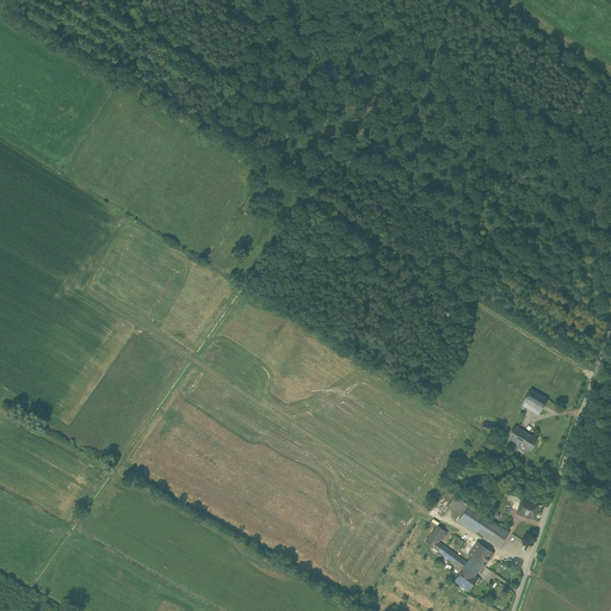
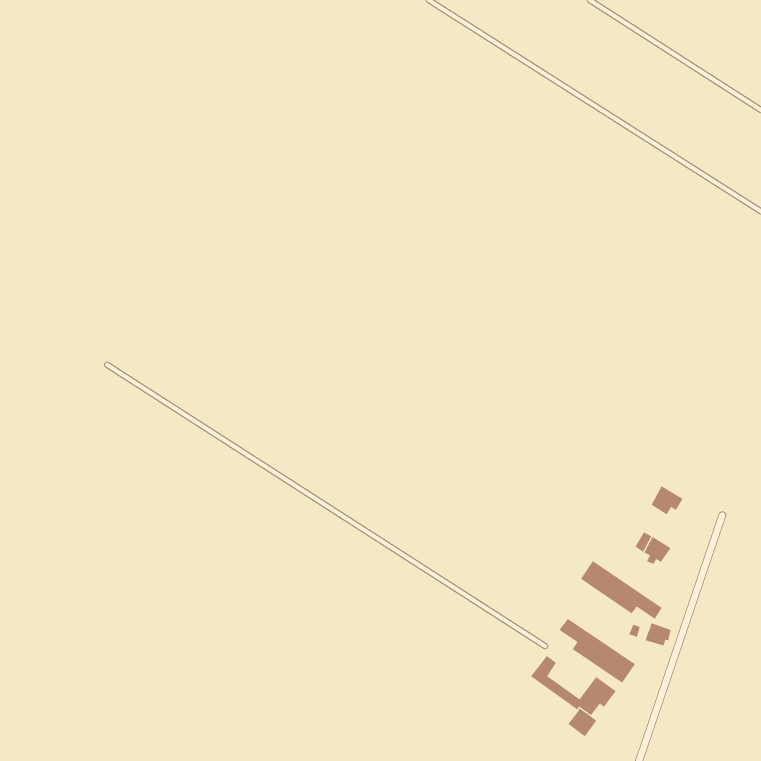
building: none -> [580,560,662,620]

